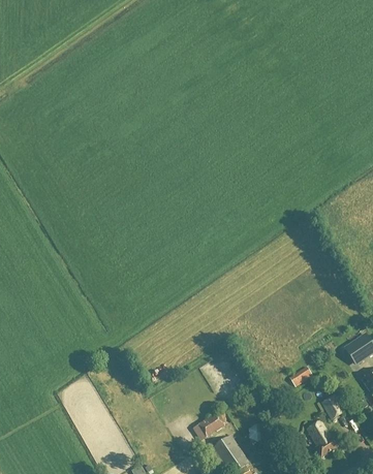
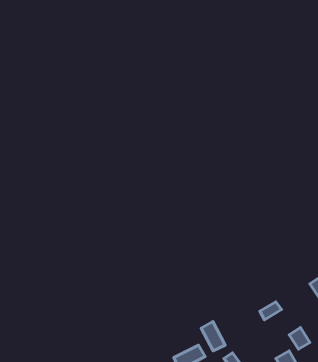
building: none -> [201,321,225,351]

